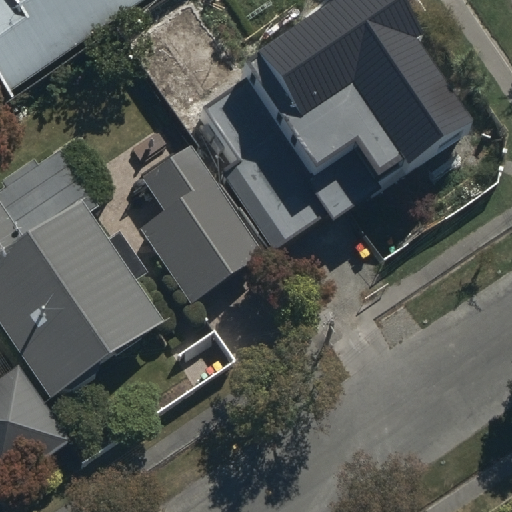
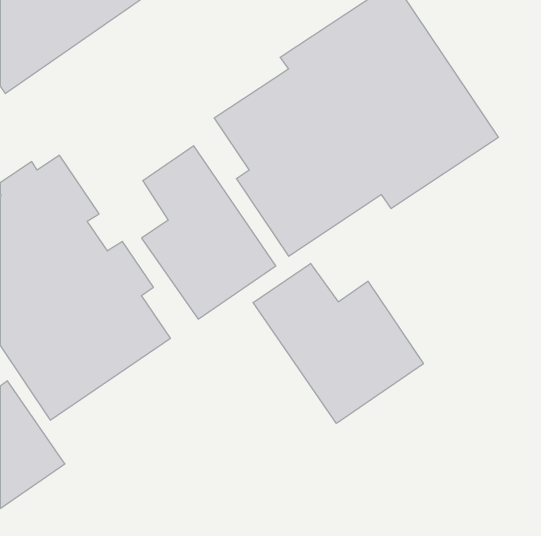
building: none -> [253,263,423,423]

